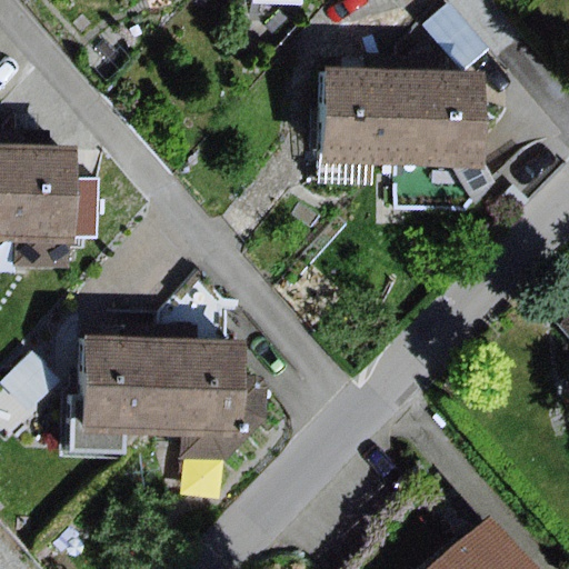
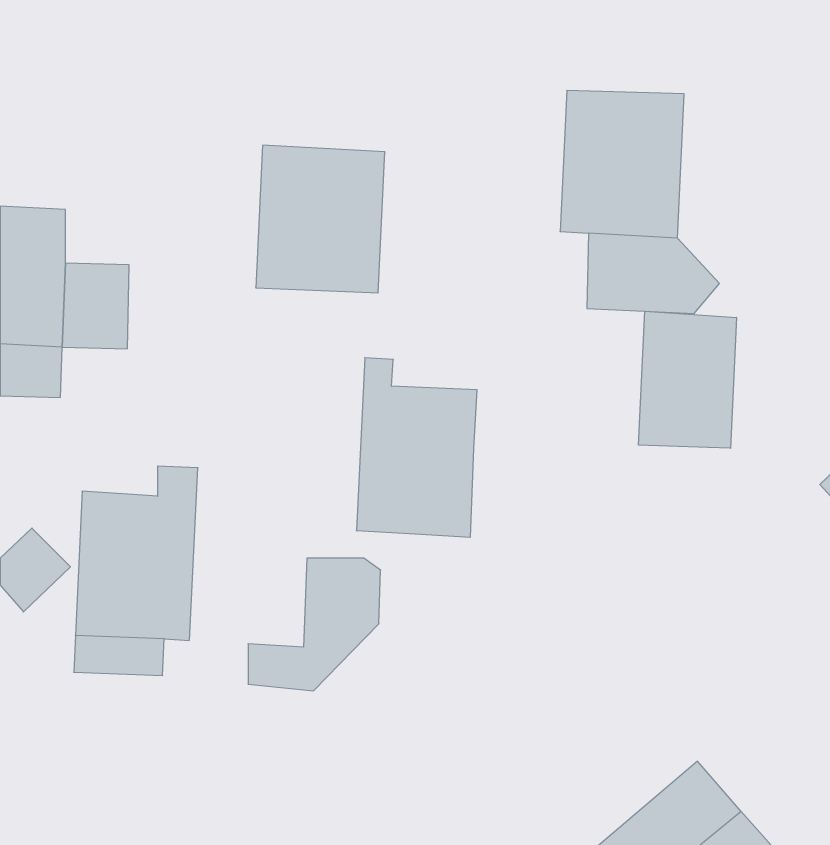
building: [308,63,393,161] -> [256,145,385,293]
building: none -> [639,311,736,448]
building: [143,318,223,437] -> [356,358,477,537]

